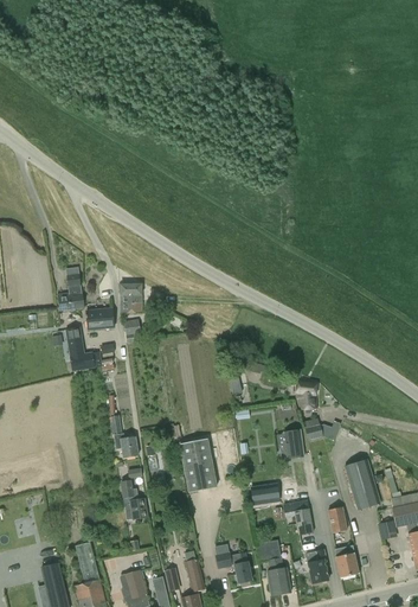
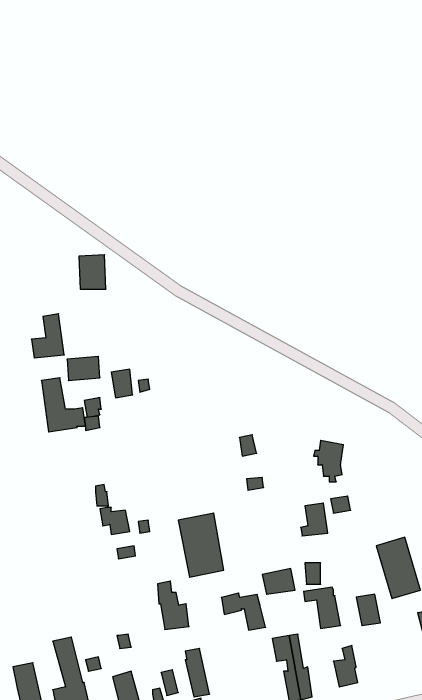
building: [120,283,142,312] -> [79,255,106,289]
building: [121,479,147,519] -> [158,581,189,629]
building: [335,547,359,577] -> none
building: [216,551,252,582] -> [221,593,266,630]

